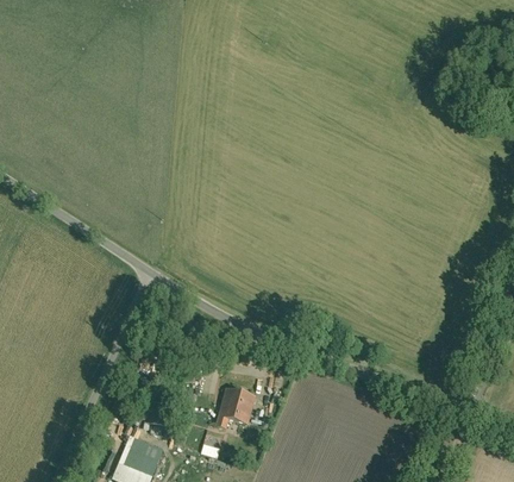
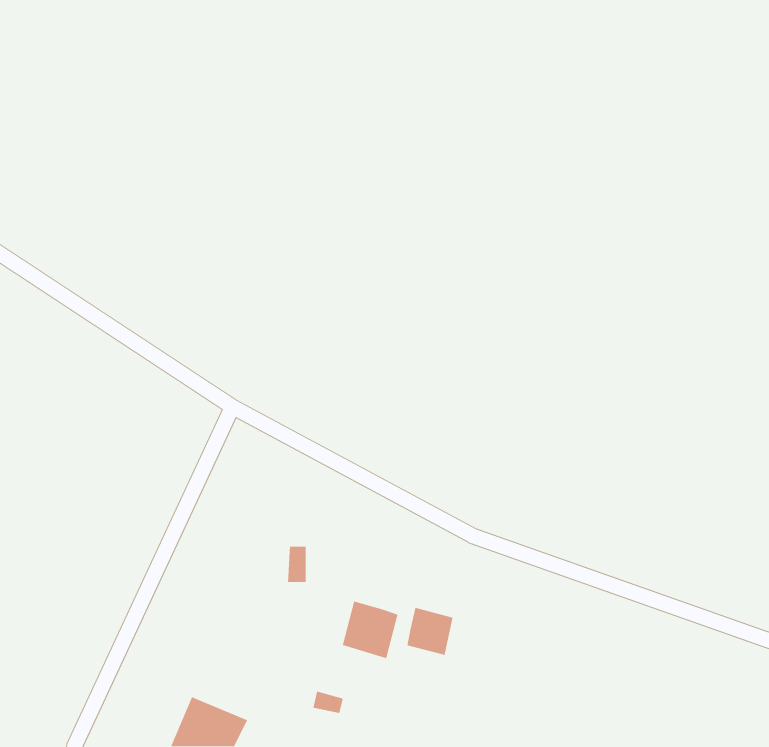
building: none -> [407,607,453,656]

